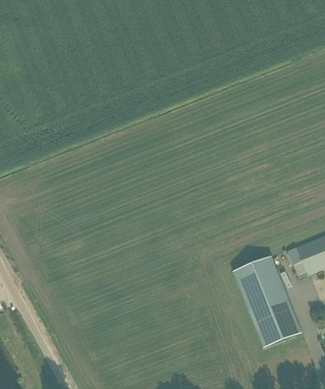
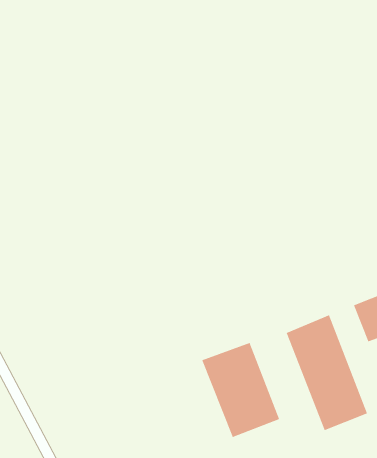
building: none -> [201,342,280,438]

